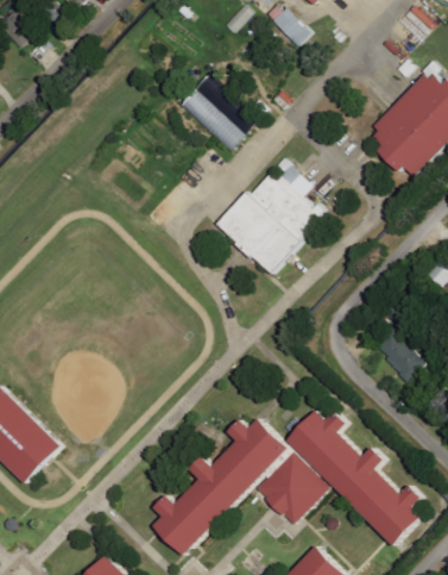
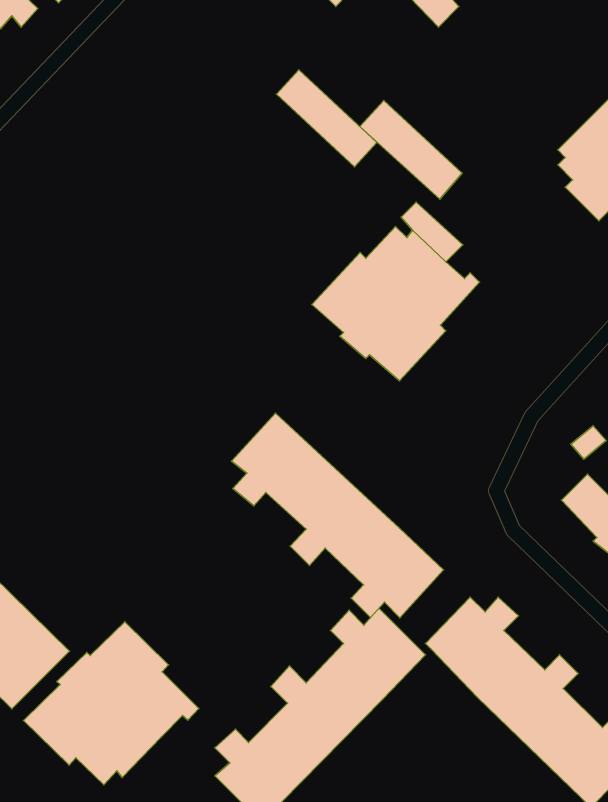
building: [177,89,242,152] -> [360,100,462,199]
building: none -> [232,413,443,618]
building: none -> [24,622,199,785]
building: [254,444,328,525] -> none

